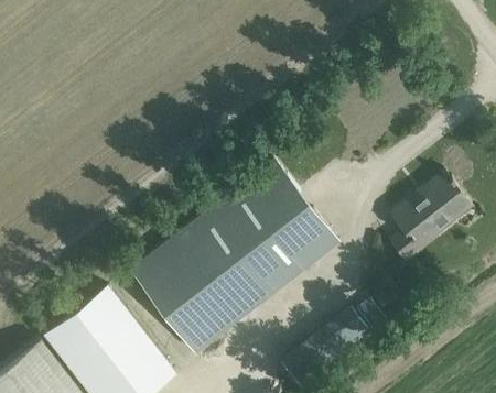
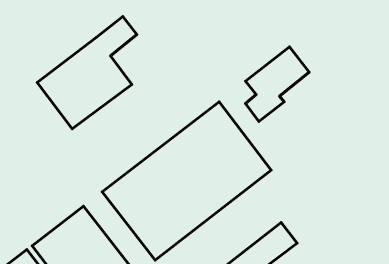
building: none -> [37,16,137,129]
building: [390,173,468,264] -> [245,47,309,122]

